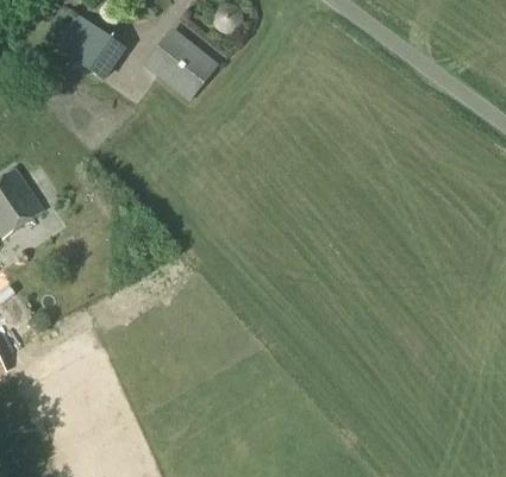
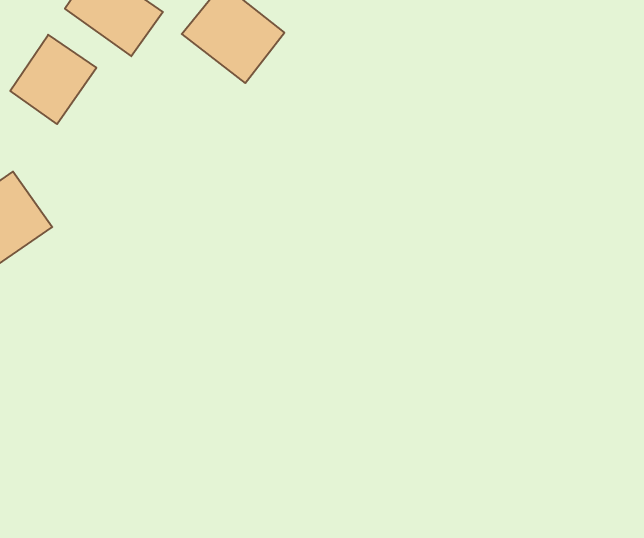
building: none -> [10,35,96,124]

